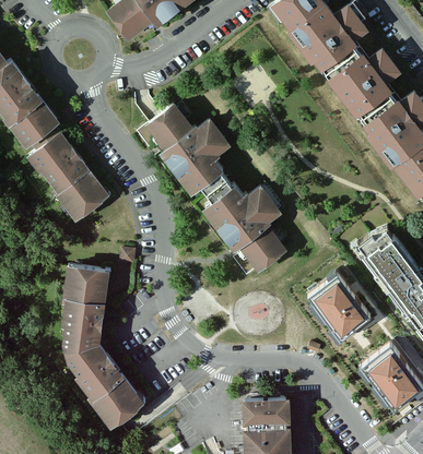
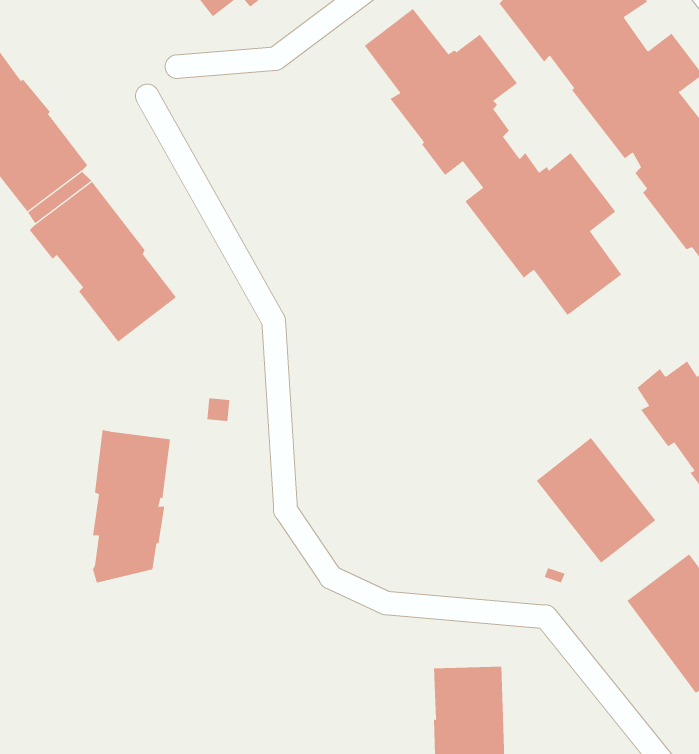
building: [145,103,289,273] -> [364,8,622,316]
building: [62,345,139,427] -> none

